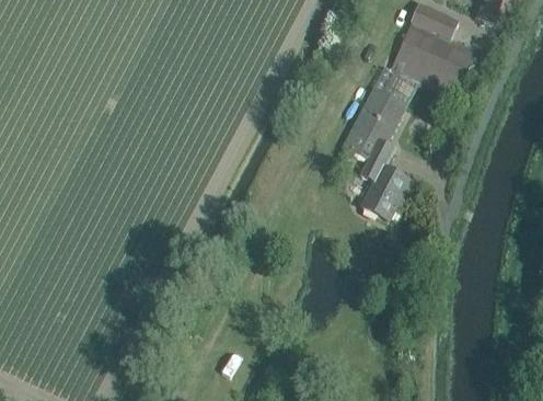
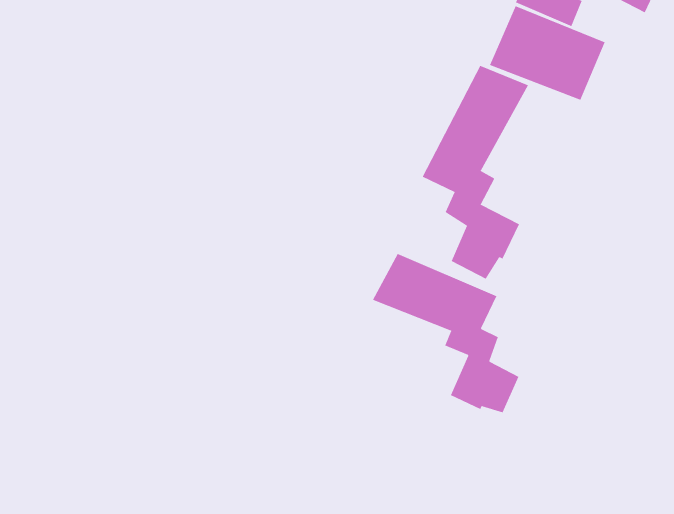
building: none -> [372,253,519,413]

